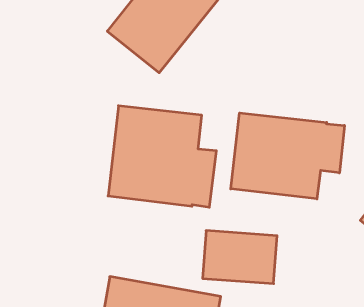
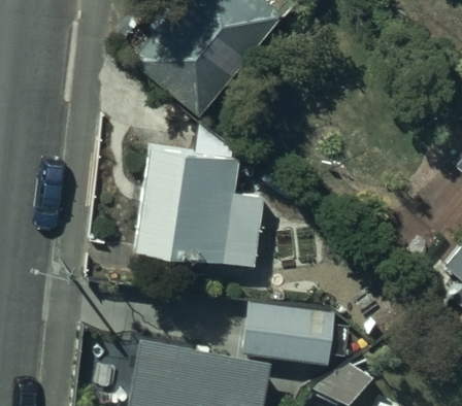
building: [231,113,344,199] -> none

